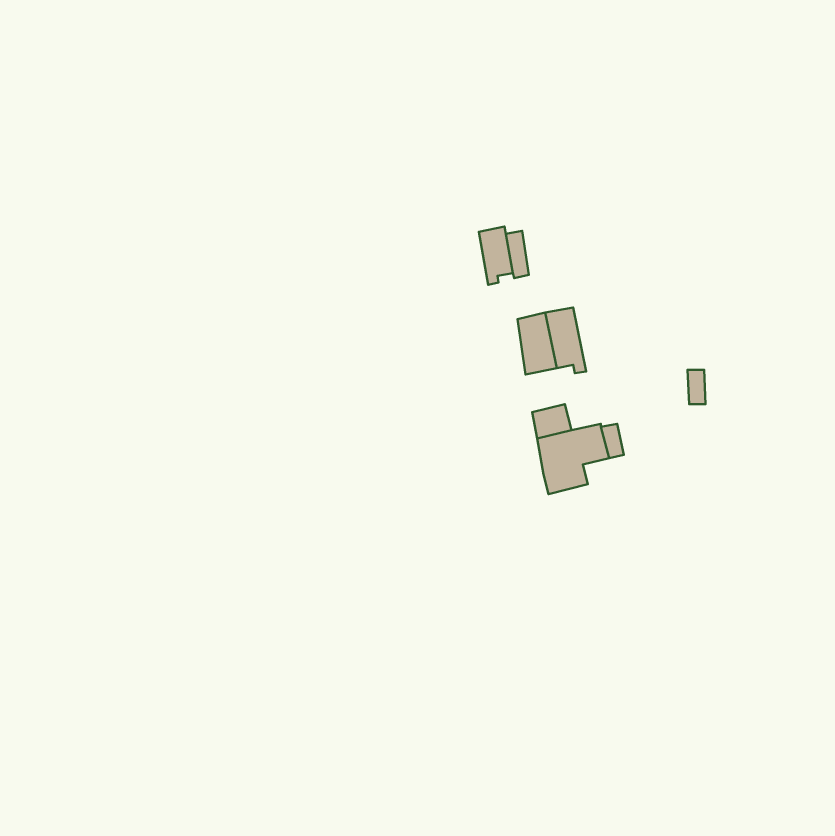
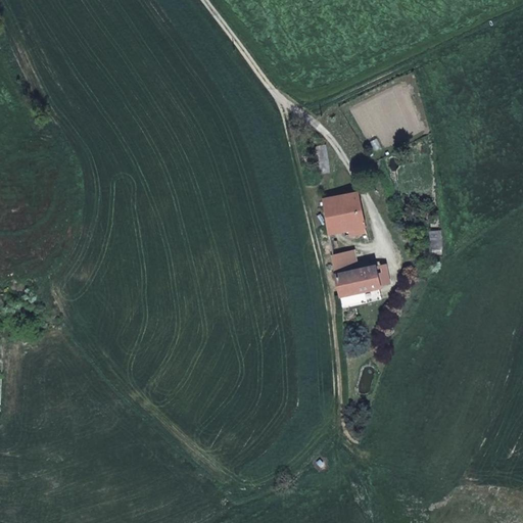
building: [479,227,513,285] -> none

